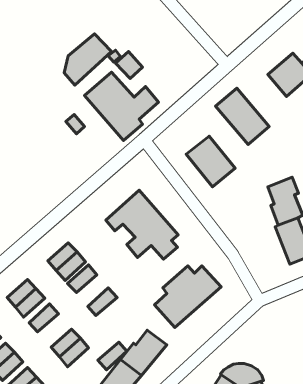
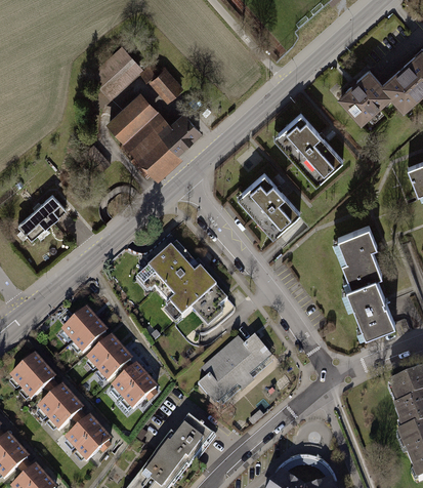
building: none -> [17,194,65,238]
building: none -> [97,348,134,382]
building: none -> [48,397,85,432]
building: [98,342,127,370] -> [122,376,159,411]

